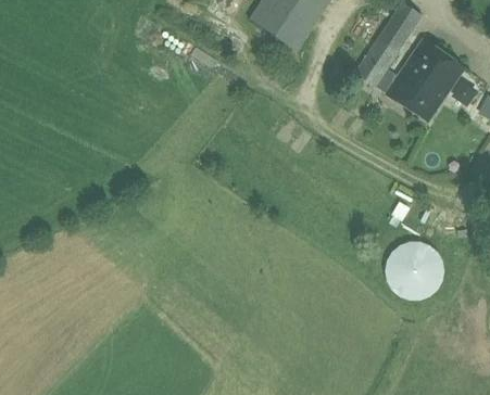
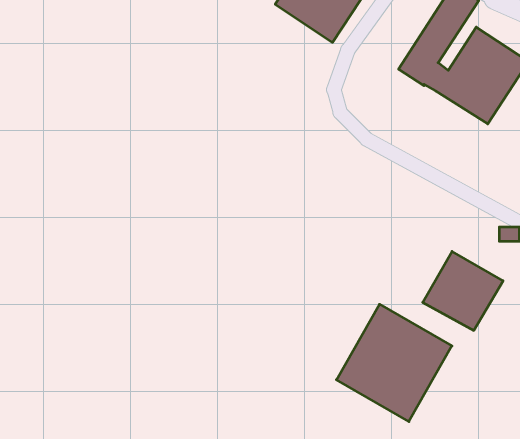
building: none -> [336,304,452,422]

